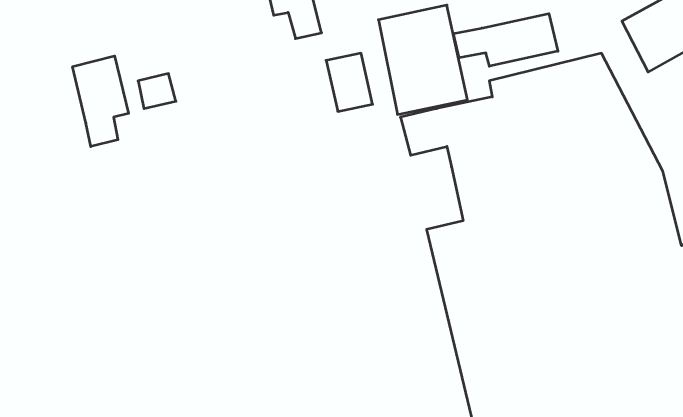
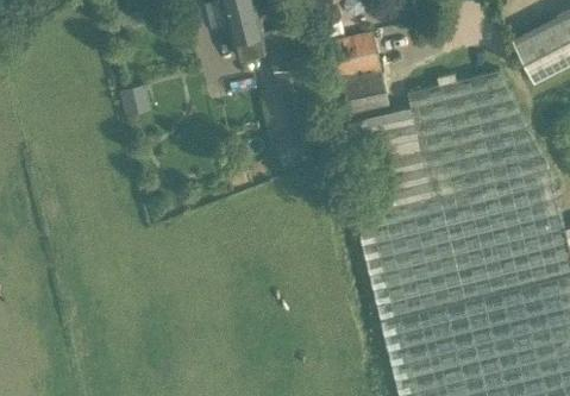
building: [454,14,558,66] -> none
building: [73,56,129,147] -> none

